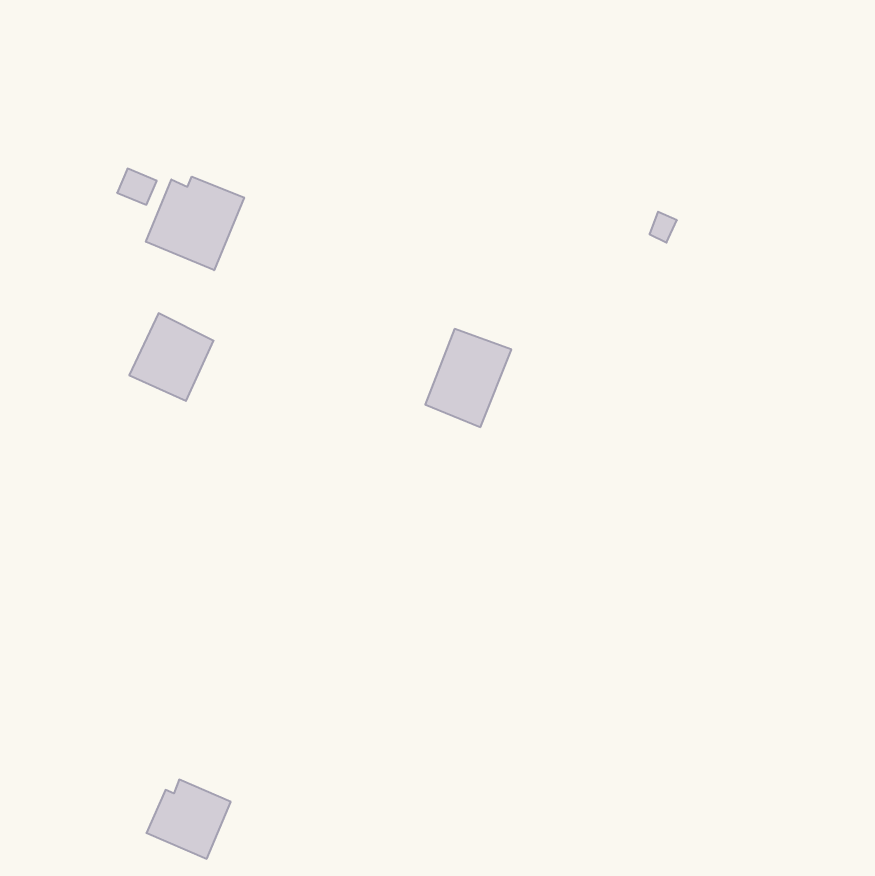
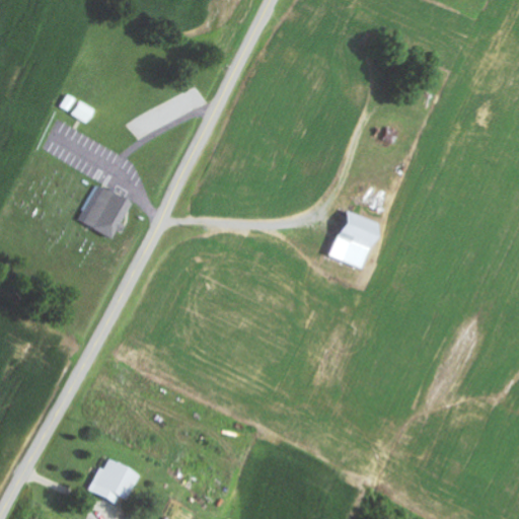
building: [146,177,244,270] -> none
building: [425,329,511,427] -> [326,209,377,267]

